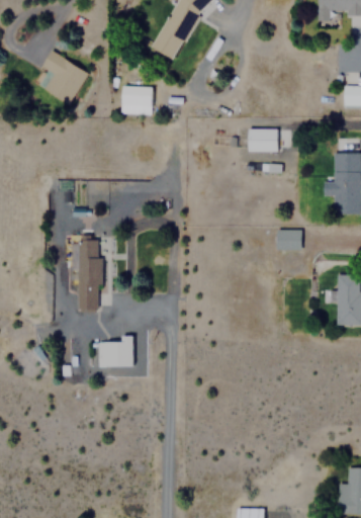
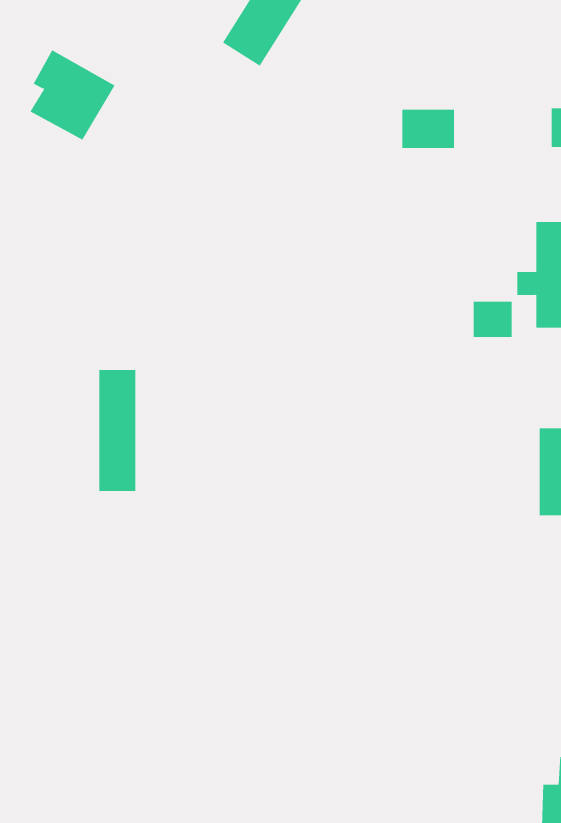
building: [122,86,153,114] -> none
building: [248,127,279,151] -> [402,109,455,149]
building: [278,229,301,250] -> [473,301,513,337]
building: [98,339,133,366] -> none

